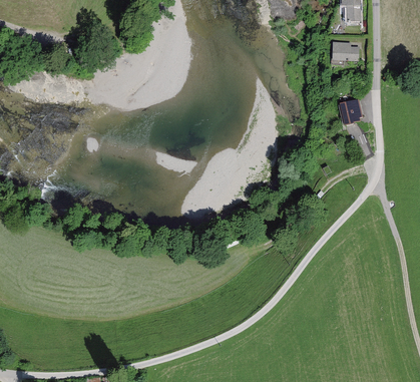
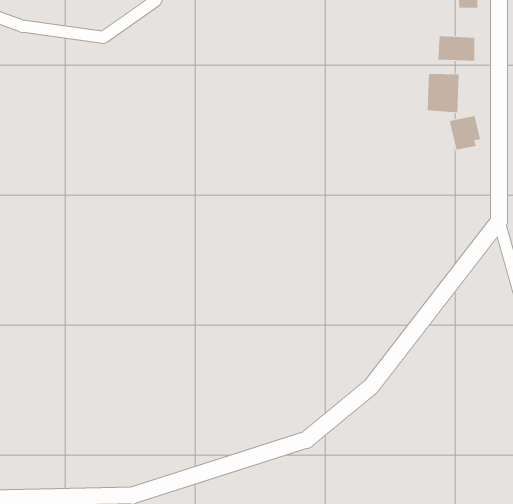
building: none -> [427,73,459,113]

